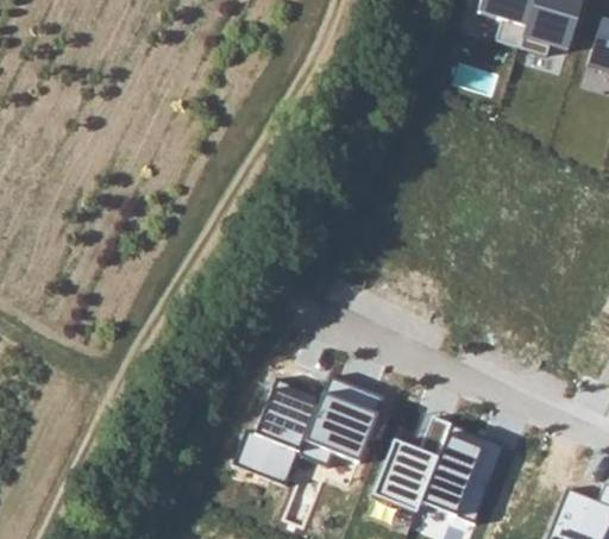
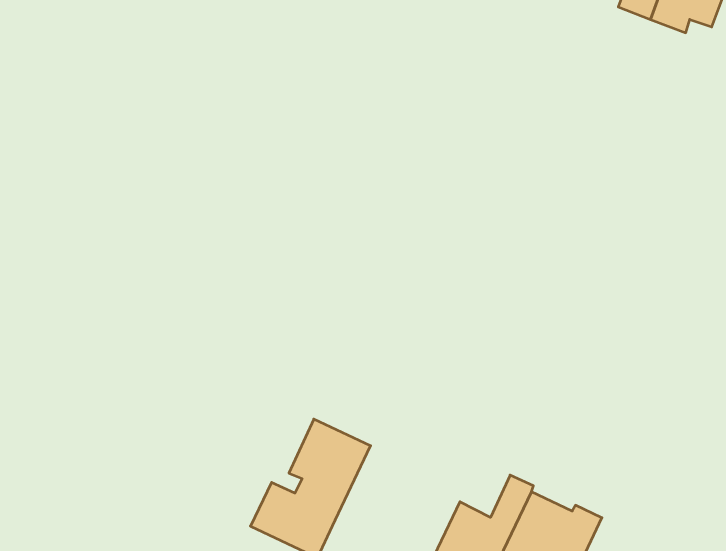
building: [297,378,384,471] -> none

